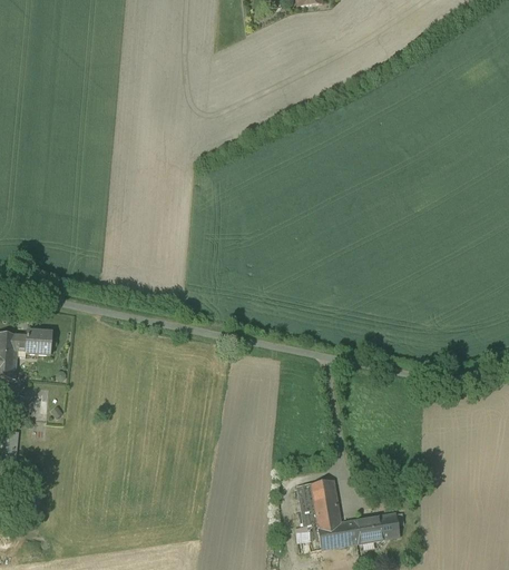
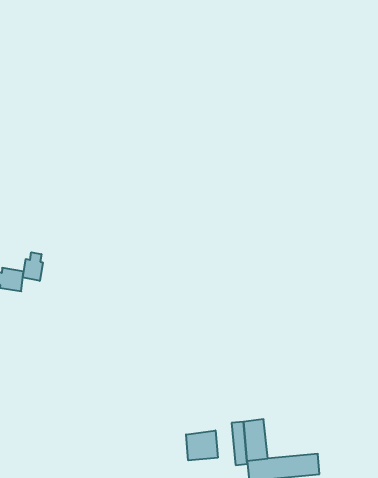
building: none -> [23,252,43,281]
building: none -> [186,430,218,460]

